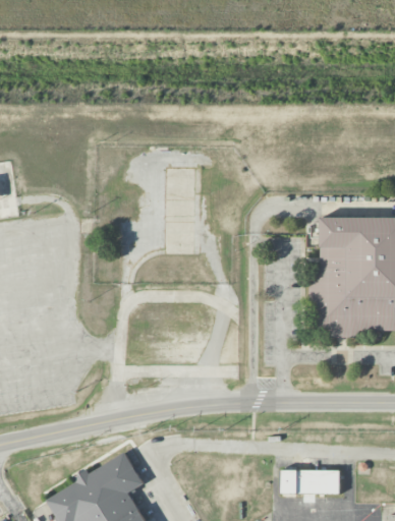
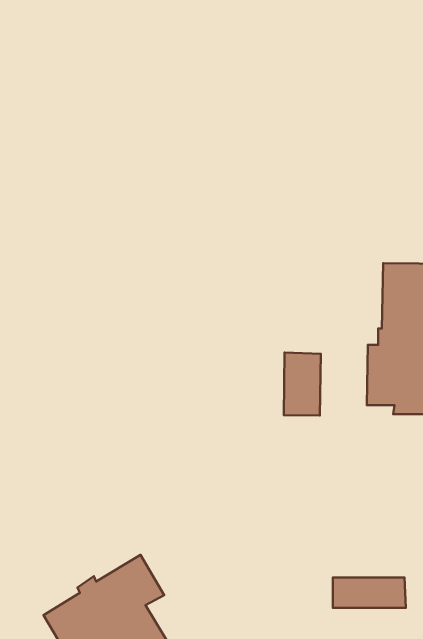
building: none -> [284,352,321,416]

